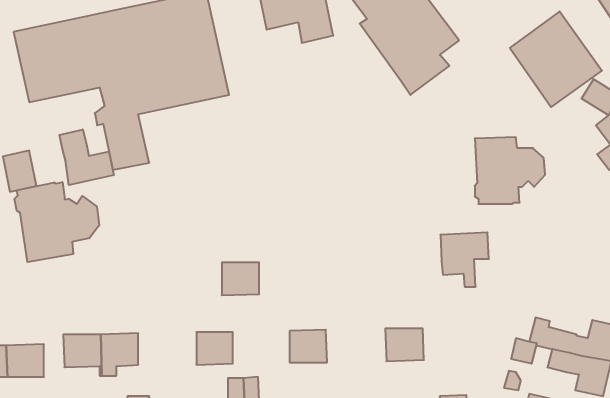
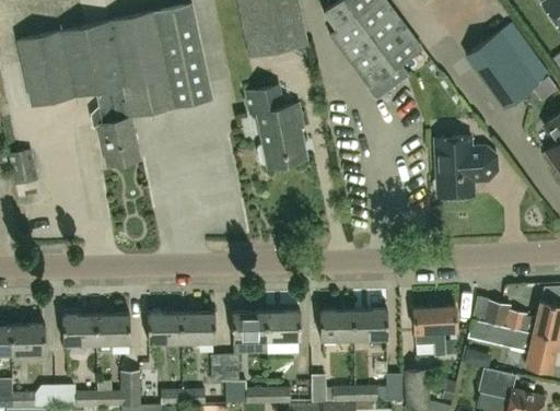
building: none -> [245,84,306,167]
building: [59,129,114,185] -> none
building: [14,182,99,262] -> none
building: [440,232,489,287] -> [413,306,457,355]
building: [222,263,259,295] -> [233,312,267,341]
building: none -> [319,309,354,339]
building: none -> [148,313,183,342]

